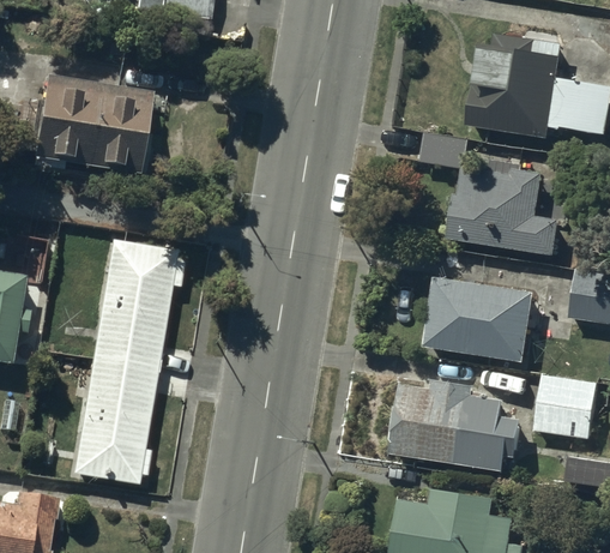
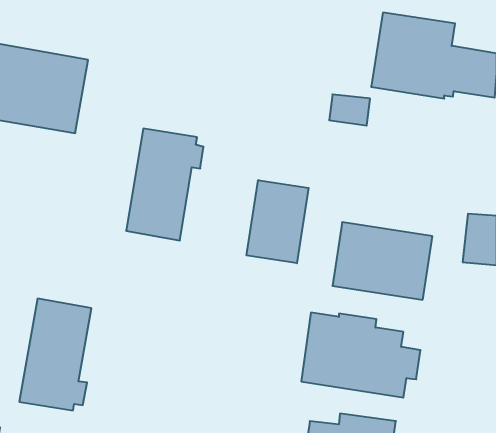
building: [446,167,558,254] -> none
building: none -> [247,180,309,263]
building: [95,246,181,371] -> [126,129,204,240]
building: [532,372,597,439] -> none

